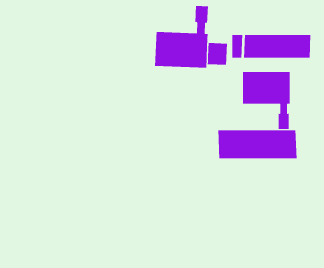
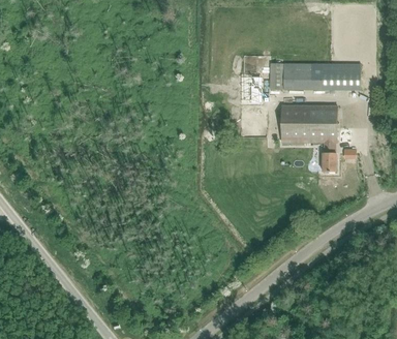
building: [155,5,208,69] -> none
building: [218,130,297,159] -> none

